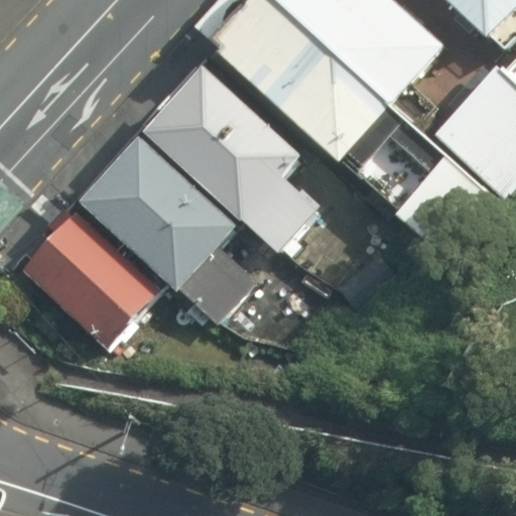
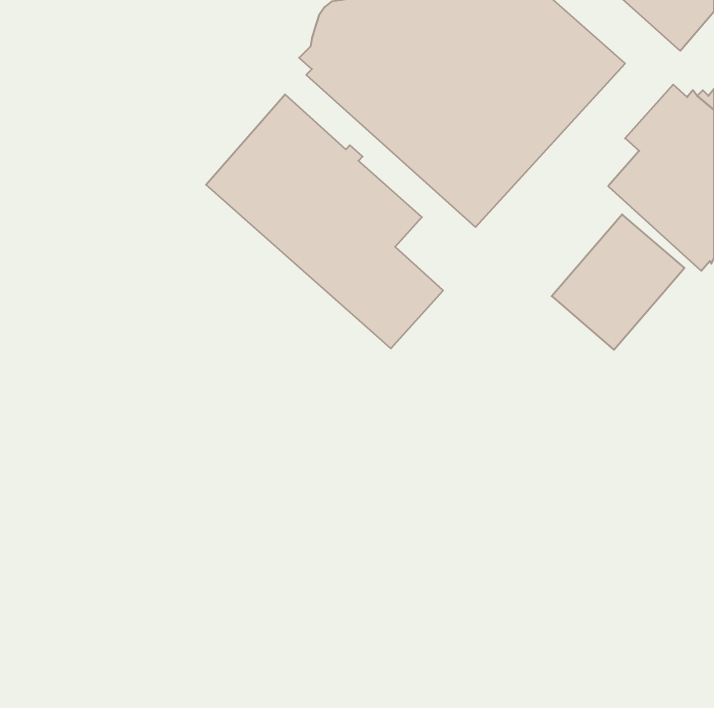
building: [80,135,258,320] -> none
building: [24,204,157,345] -> none

